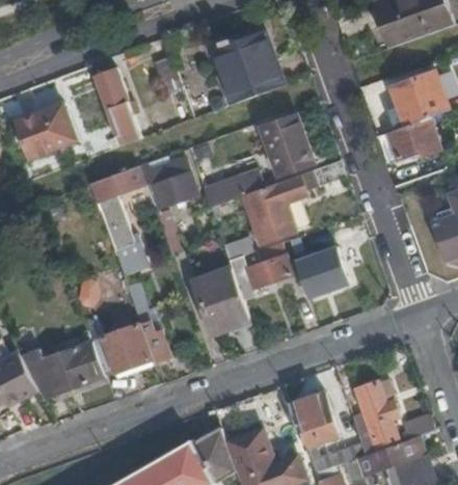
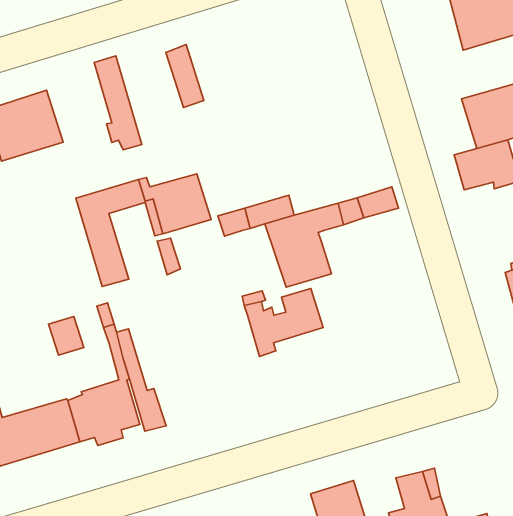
building: [212,31,284,105] -> none
building: [259,114,314,176] -> none
building: [295,248,349,299] -> none
building: [195,268,249,332] -> none

